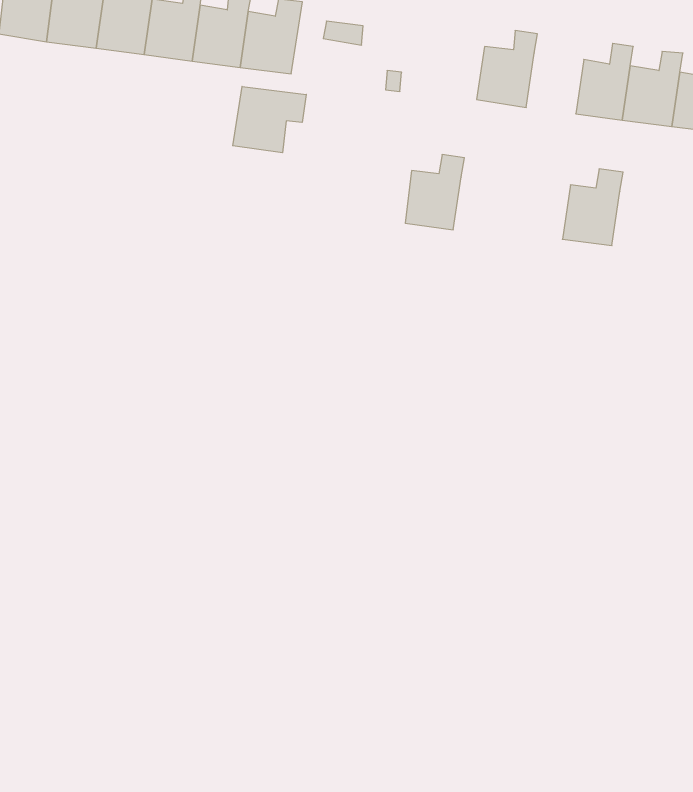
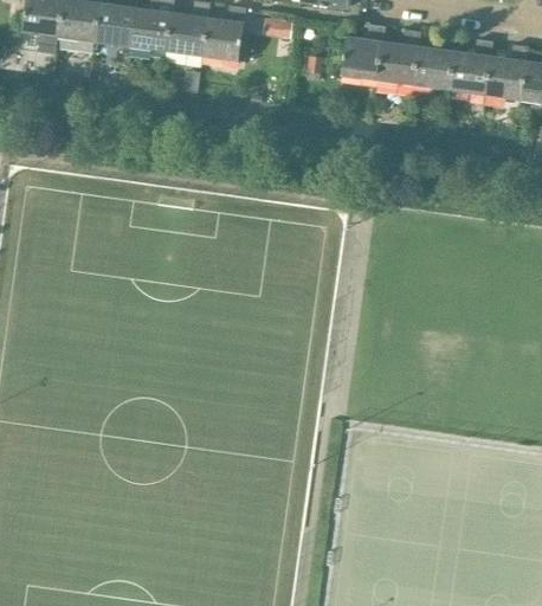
building: [233,86,306,153] -> none
building: [405,155,464,230] -> [341,26,385,82]
building: [562,169,623,246] -> [413,36,458,92]

